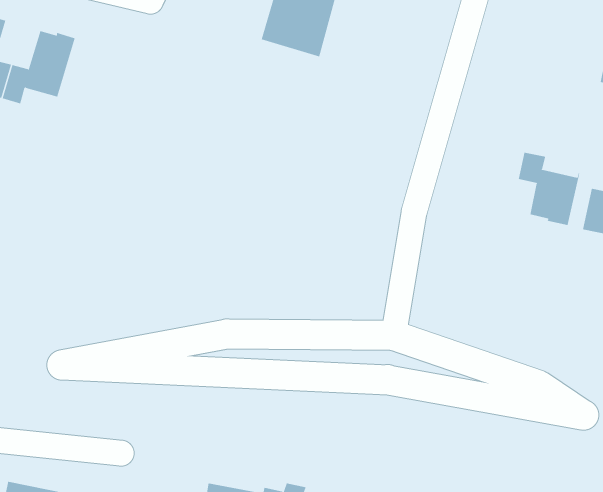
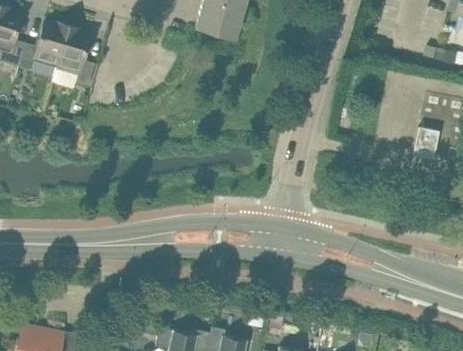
building: none -> [56,26,95,87]
building: [518,152,580,226] -> none

